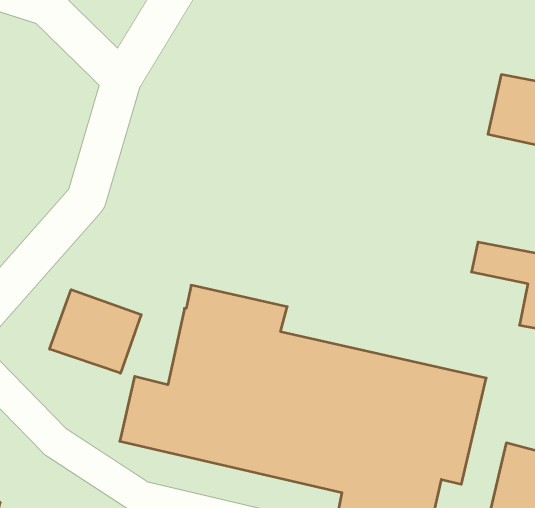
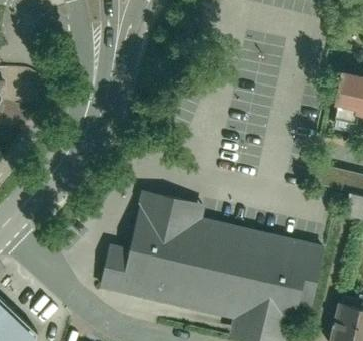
building: [50,290,141,373] -> none

